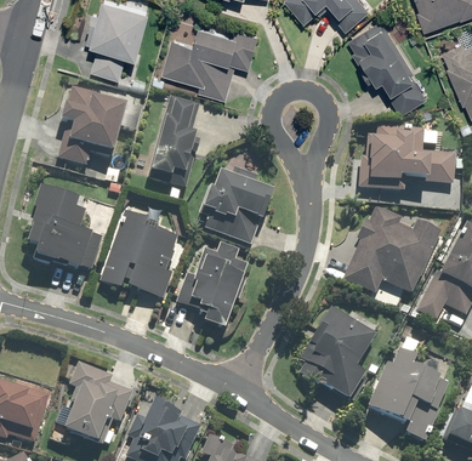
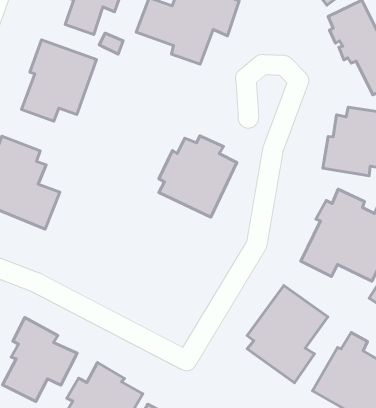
building: [148,96,199,188] -> none
building: [98,209,176,300] -> none
building: [176,243,246,329] -> none

